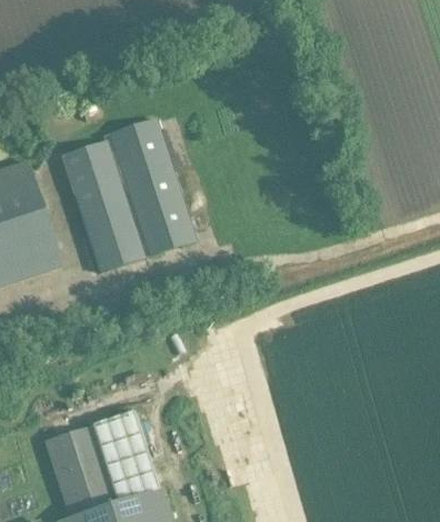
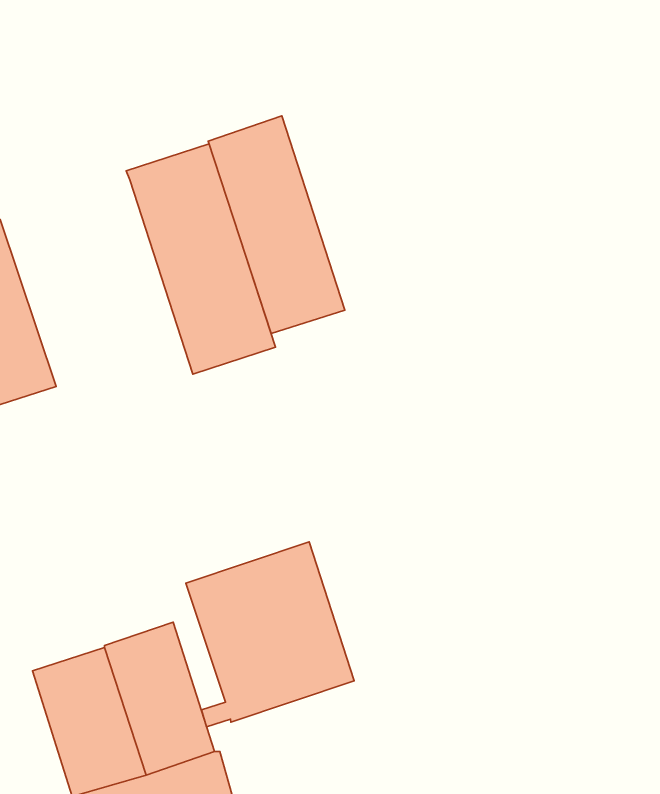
building: [62,138,147,272] -> [208,116,345,333]
building: none -> [186,542,354,727]

